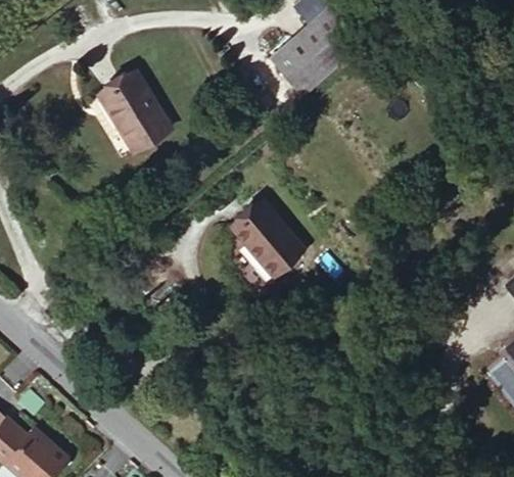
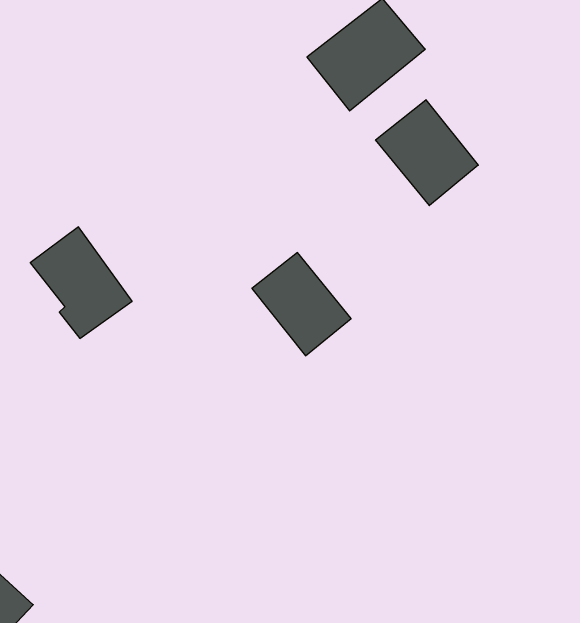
building: [98,70,174,153] -> [30,227,132,338]
building: none -> [376,100,478,206]

